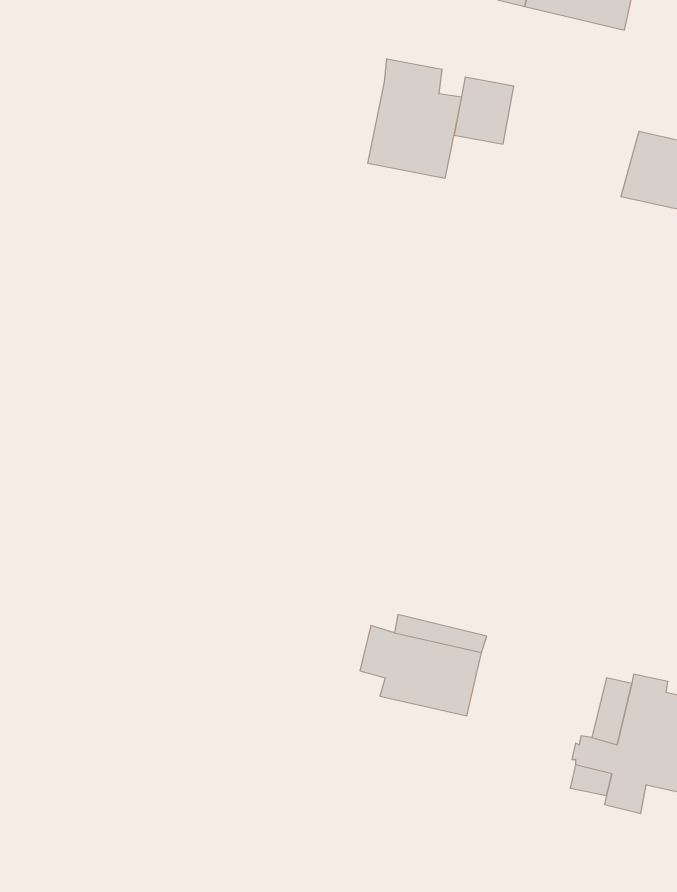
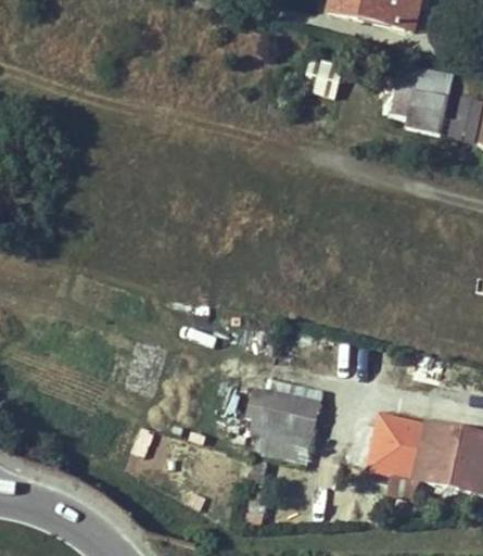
building: [368,59,461,178] -> none
building: none -> [253,426,310,464]

